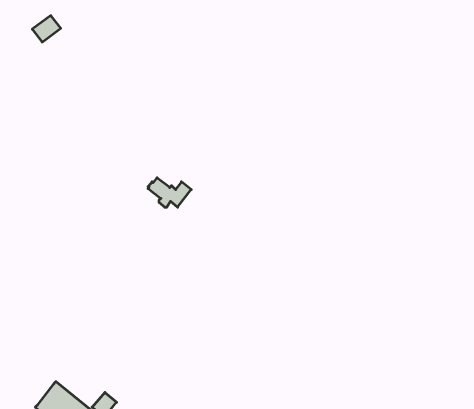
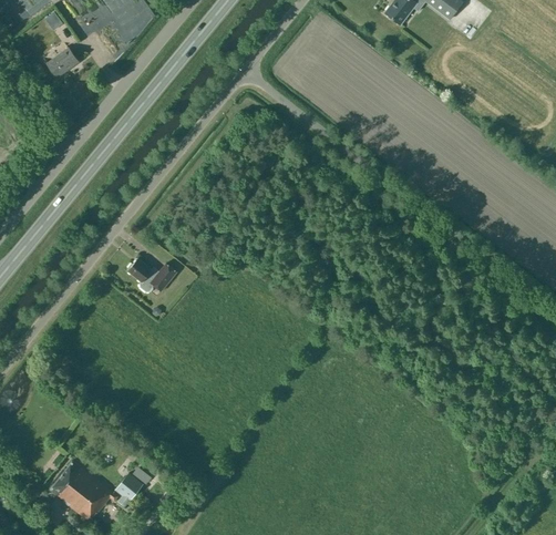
building: [148,178,191,207] -> [127,257,176,290]

